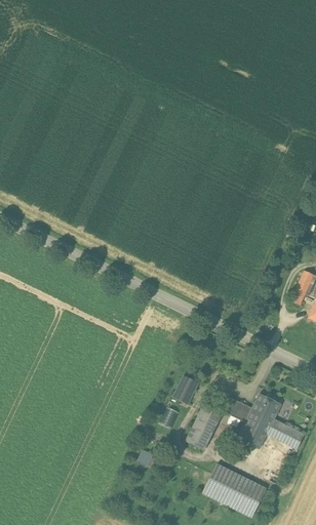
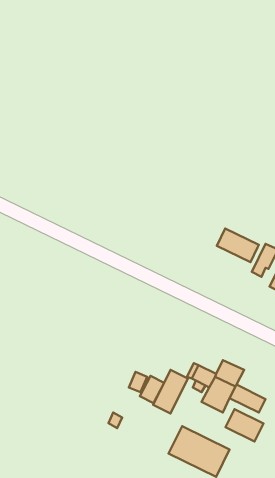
building: none -> [217,229,259,262]
building: [173,375,199,404] -> [140,376,164,403]
building: none -> [226,409,263,442]

